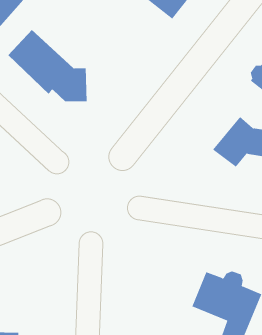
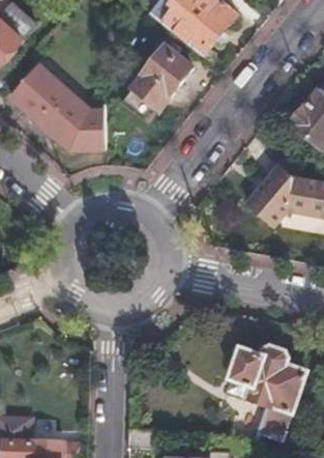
building: none -> [127,44,190,109]

